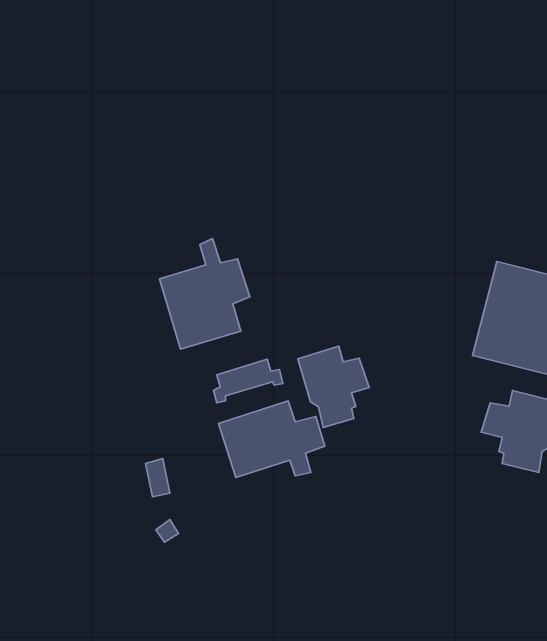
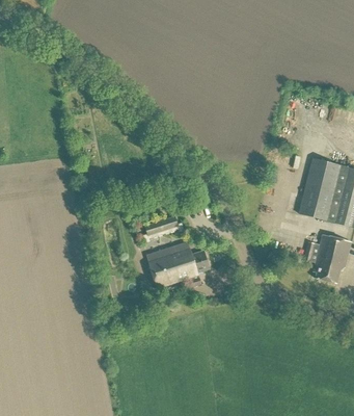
building: [159,239,250,349] -> none
building: [298,346,369,427] -> none

